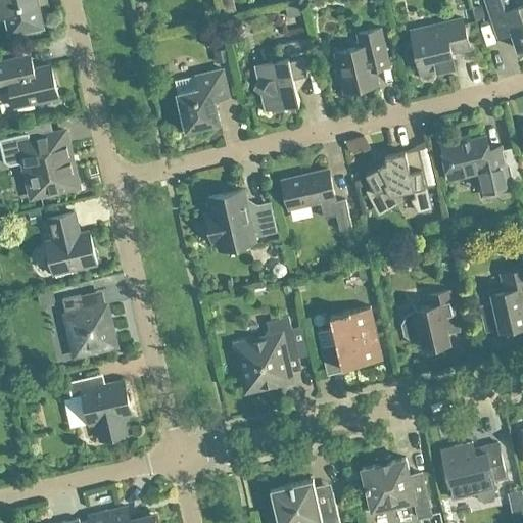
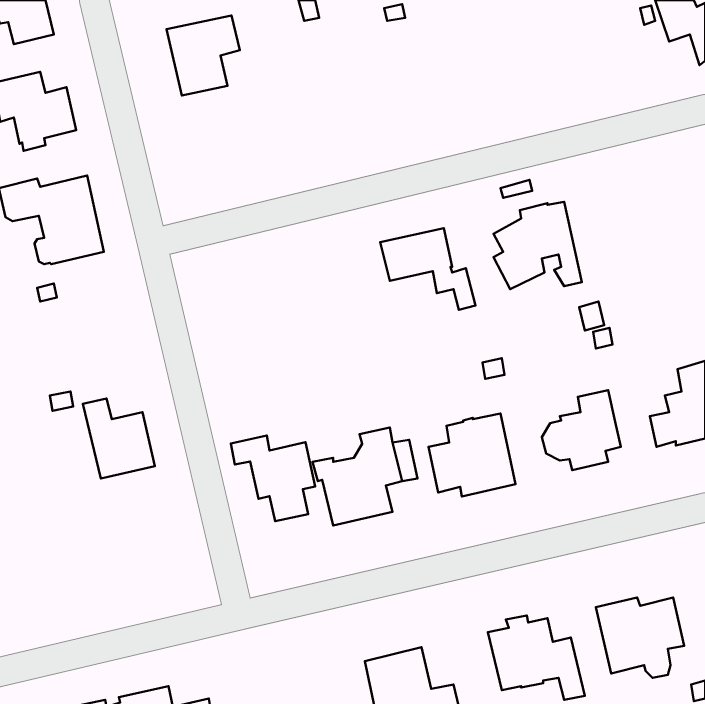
building: [403,19,469,76] -> none
building: [333,29,389,93] -> none
building: [252,41,306,111] -> none
building: [174,70,228,130] -> [167,15,240,96]
building: [440,137,510,199] -> none
building: [205,190,277,253] -> none
building: [46,213,97,278] -> none
building: [67,377,130,440] -> [231,435,315,521]

